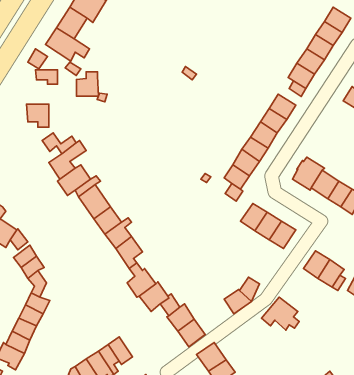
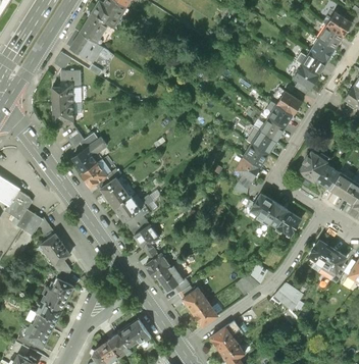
building: [76,72,98,96] -> [52,81,72,103]

